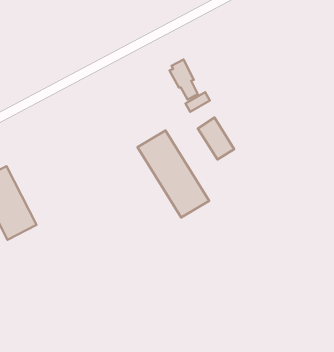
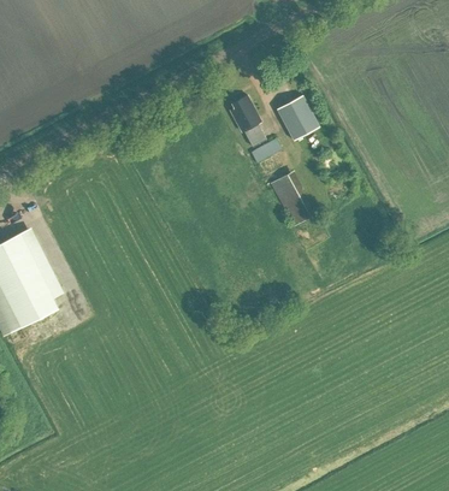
building: none -> [277,95,319,141]
building: [138,130,209,218] -> none

